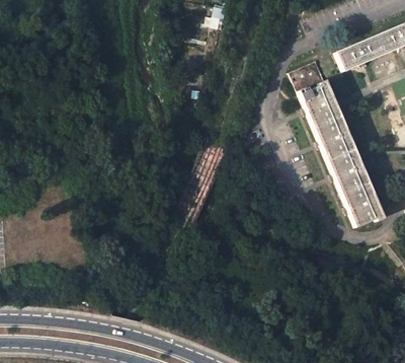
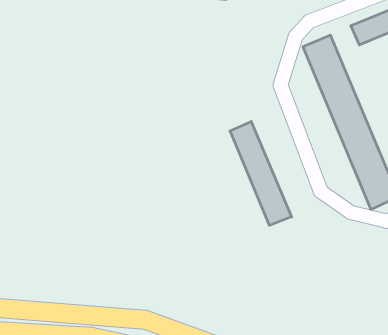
building: none -> [230,121,292,225]

